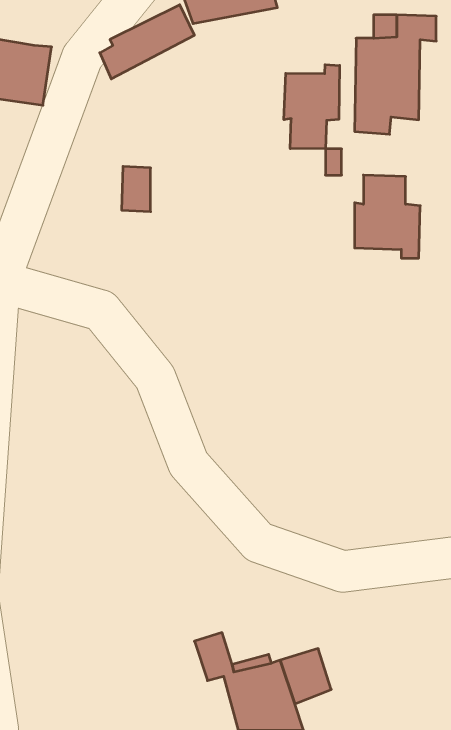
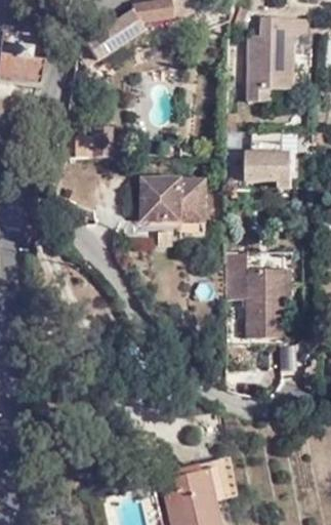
building: [284,65,340,149] -> none
building: none -> [138,178,202,220]
building: none -> [226,250,292,337]

